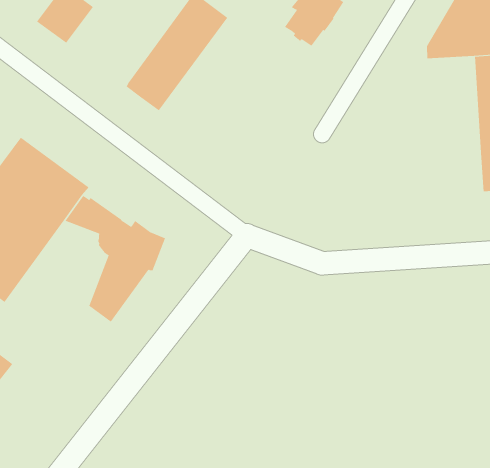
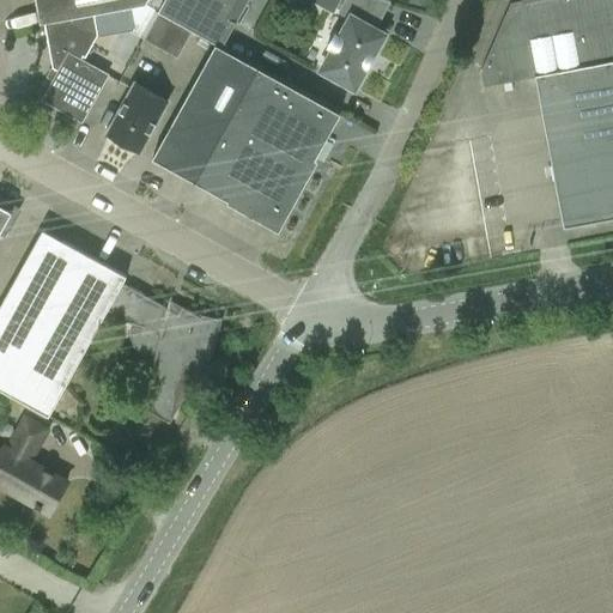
building: none -> [194,68,341,221]
building: none -> [107,84,168,151]

